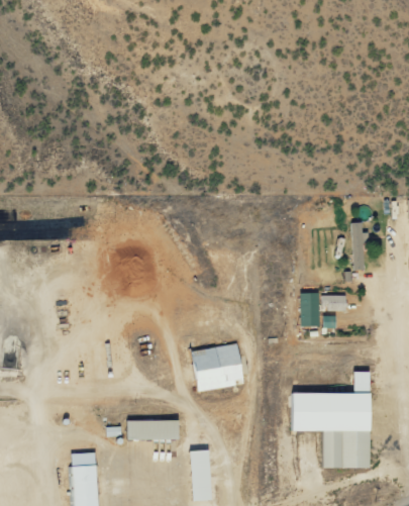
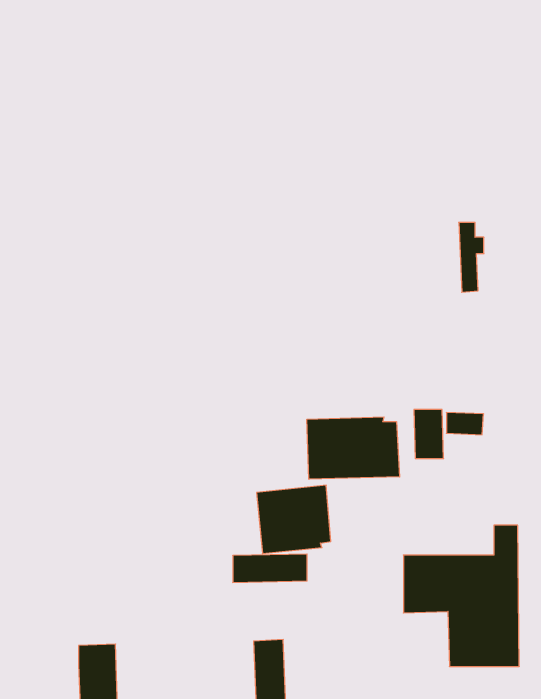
building: [350,222,368,270] -> [459,222,484,292]
building: none -> [307,417,400,479]
building: [127,420,178,439] -> [233,554,307,582]

